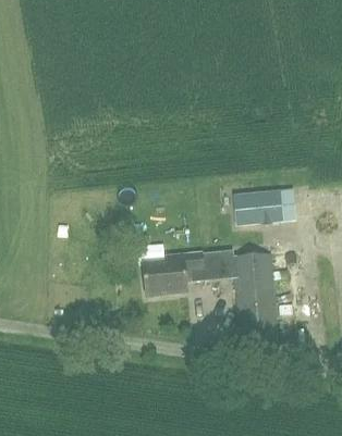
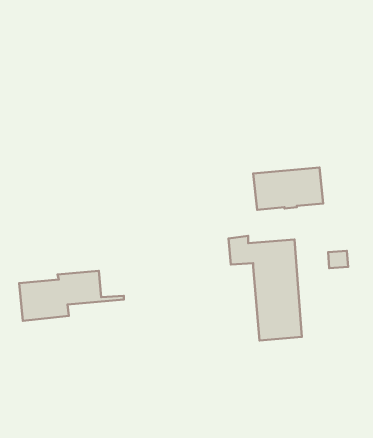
building: [144,250,235,294] -> [19,271,124,321]

